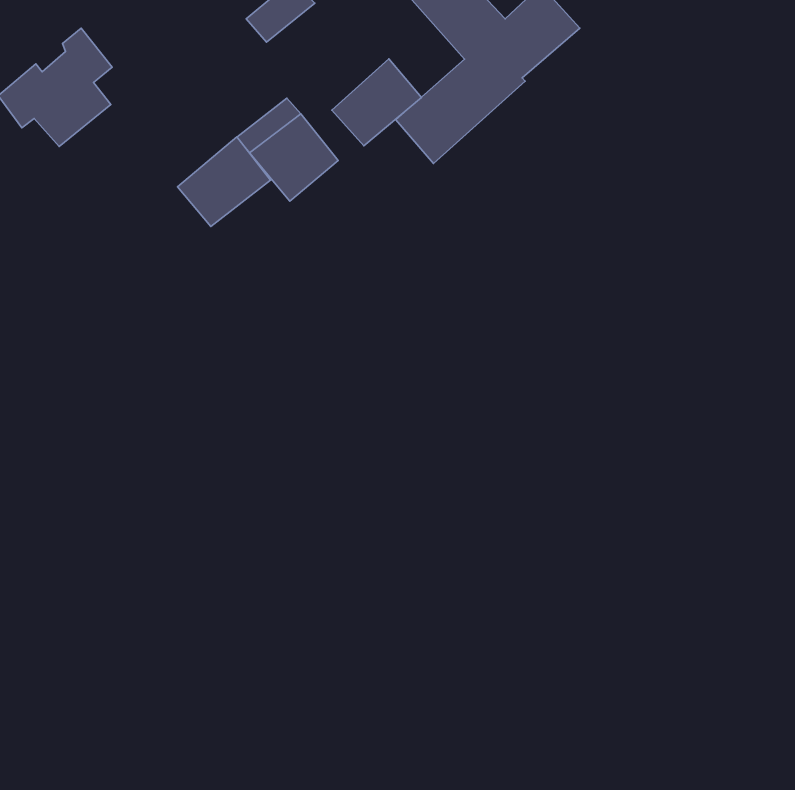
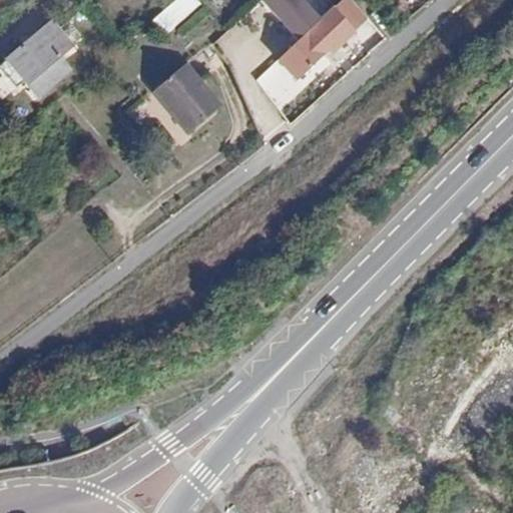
building: [332,59,421,146] -> none
building: [178,137,271,227] -> none

